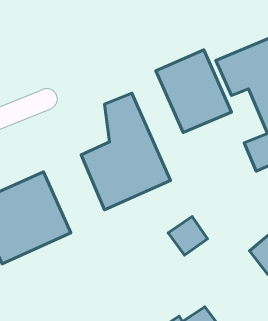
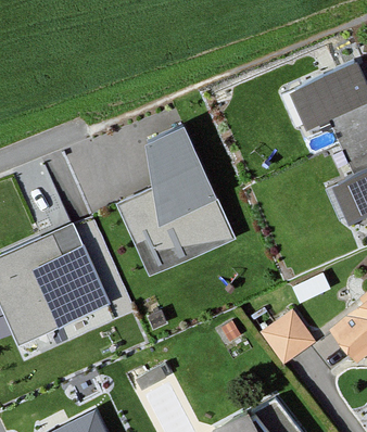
building: [156,50,232,133] -> none
building: [168,216,208,255] -> [264,314,314,363]

